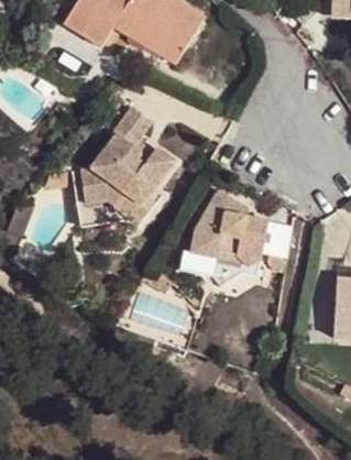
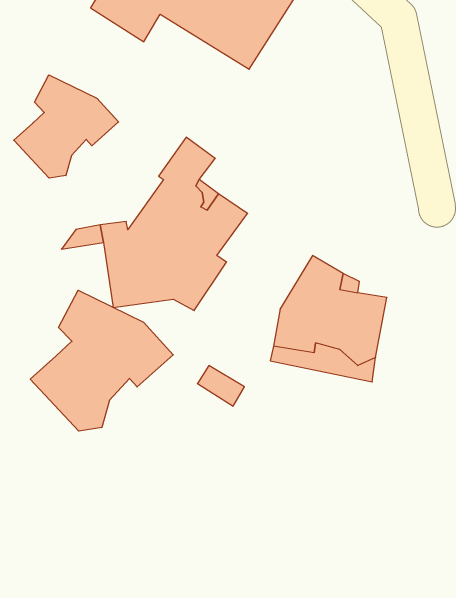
building: none -> [14,75,119,178]
building: none -> [30,290,173,431]

